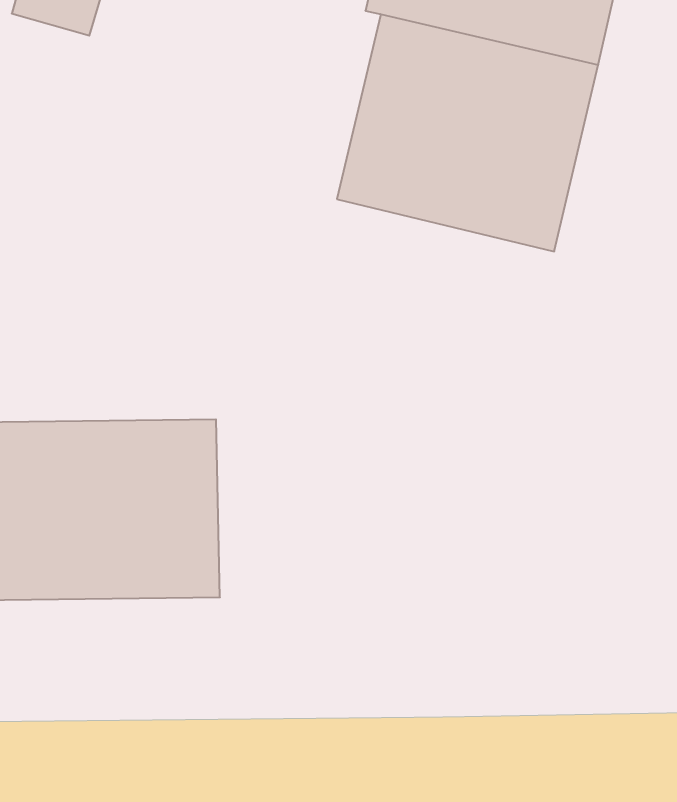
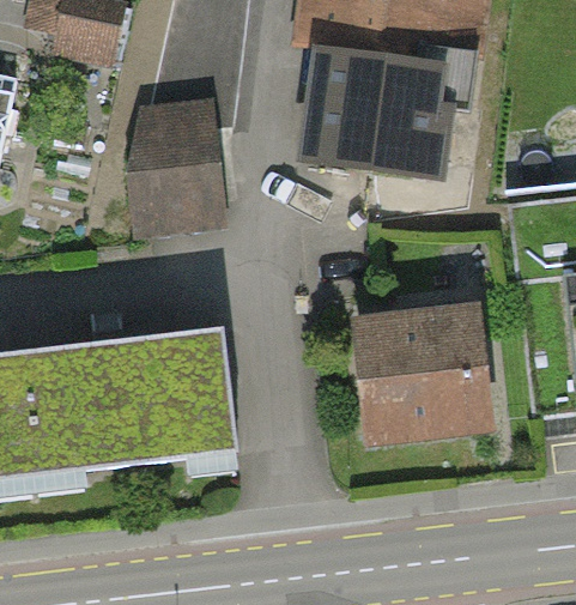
building: none -> [121,103,223,240]
building: none -> [346,307,492,454]

